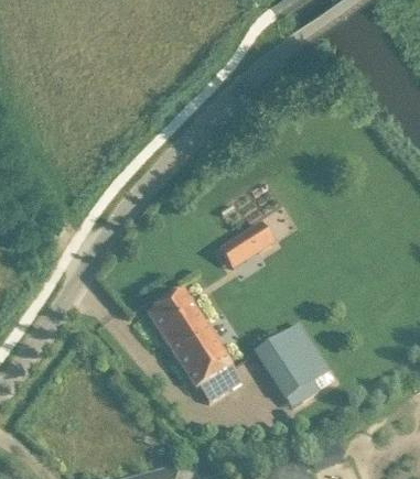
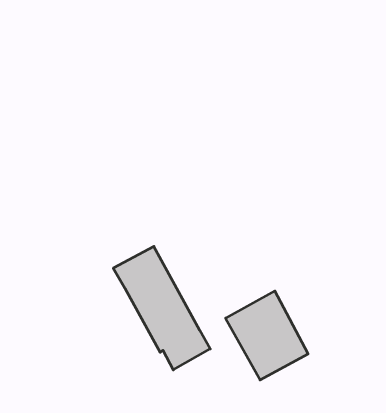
building: [220,221,272,254] -> none

